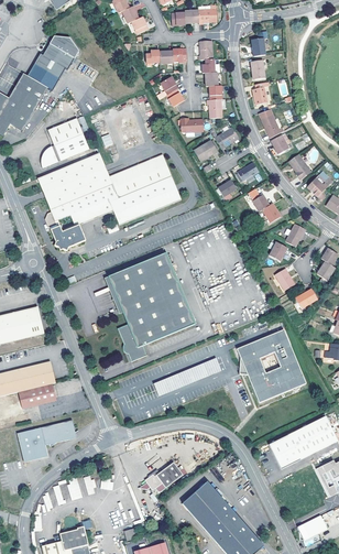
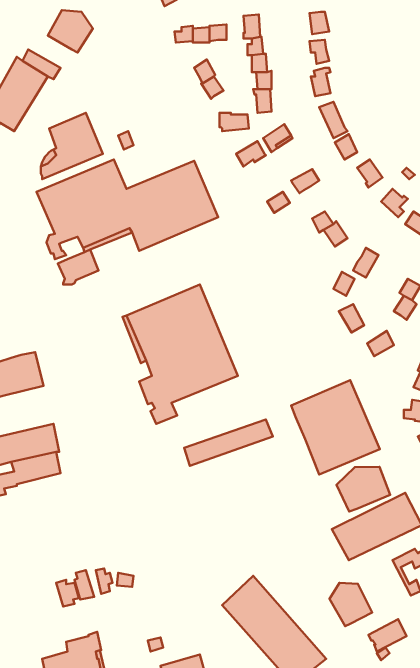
building: [31,53,65,83] -> none
building: none -> [336,467,390,512]
building: [19,419,77,460] -> none
building: [144,461,184,489] -> none
building: none -> [330,583,372,626]

